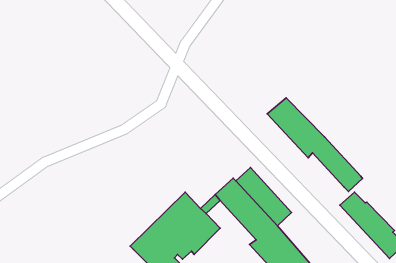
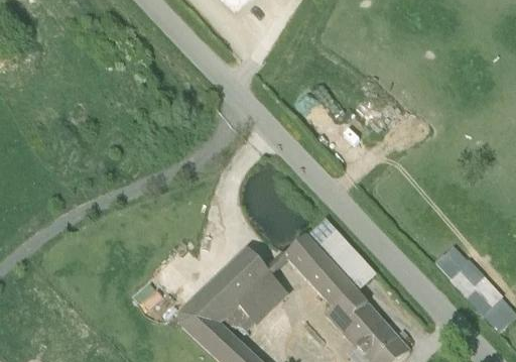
building: [267,98,363,192] -> none

